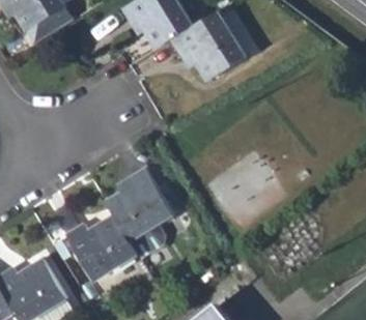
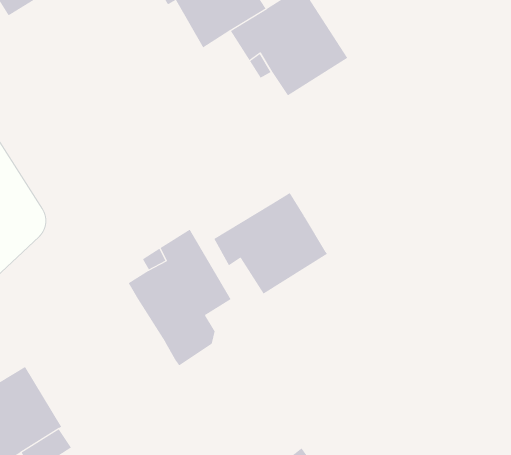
building: none -> [213,192,328,294]
building: [63,213,137,281] -> none

